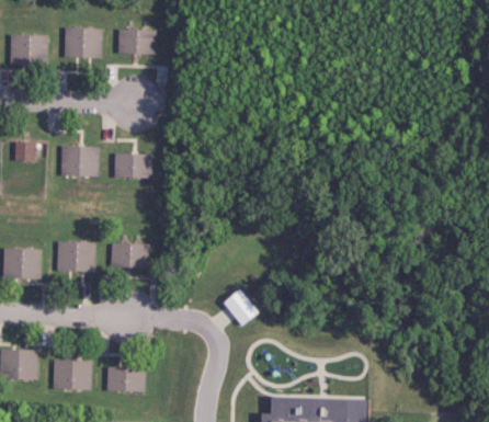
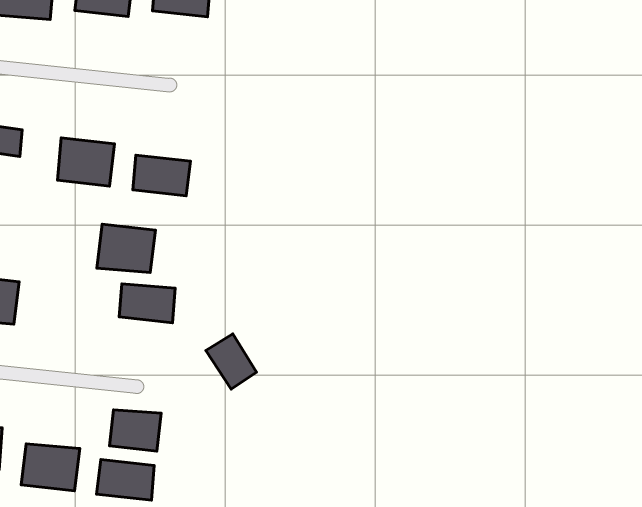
building: [58,240,96,271] -> [97,224,155,273]
building: [223,287,259,326] -> [206,334,256,389]
building: none -> [109,410,161,451]

